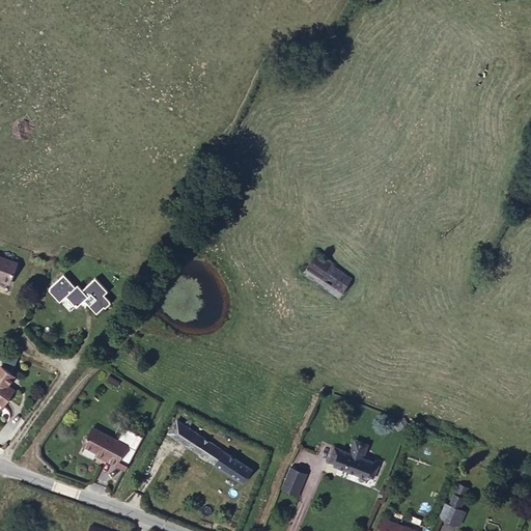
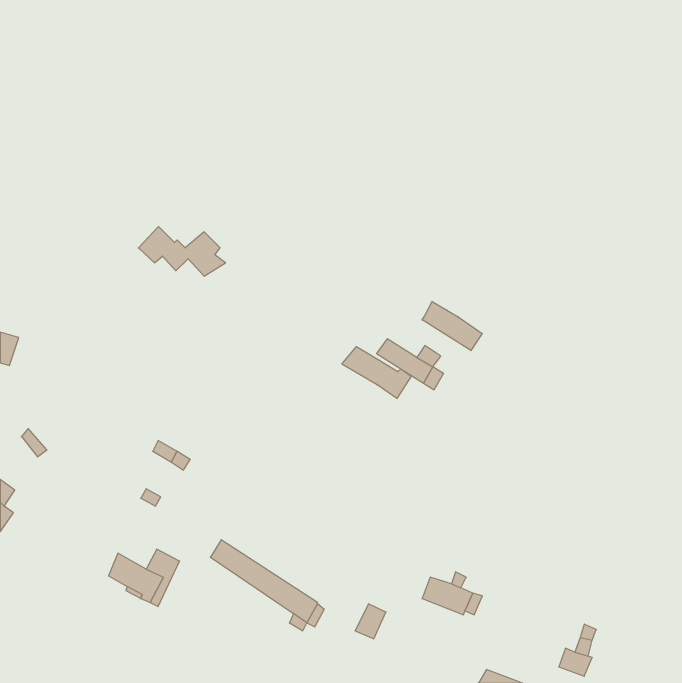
building: none -> [422,301,482,351]
building: none -> [342,347,411,399]
building: [48,272,115,310] -> [138,227,226,276]

